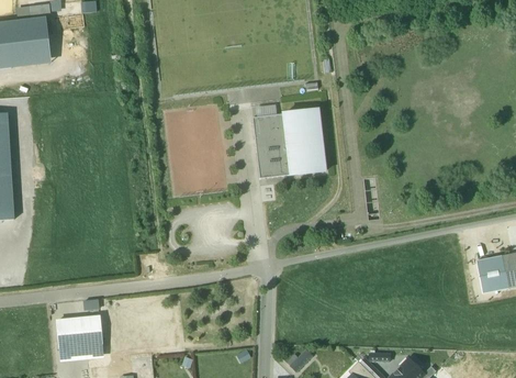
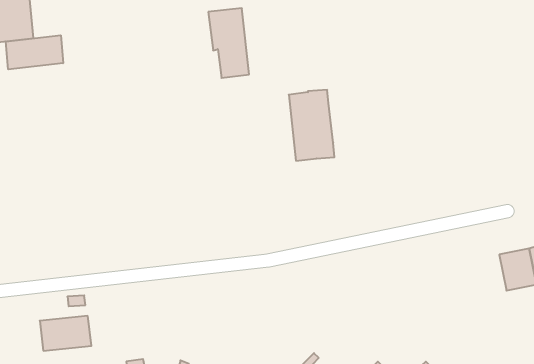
building: none -> [6,35,63,69]
building: [253,114,290,178] -> [208,8,249,78]

